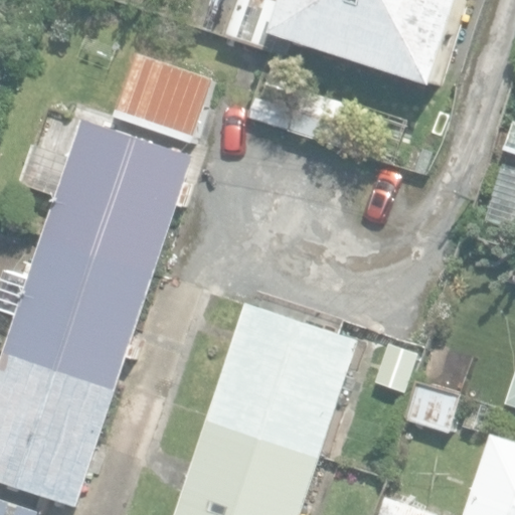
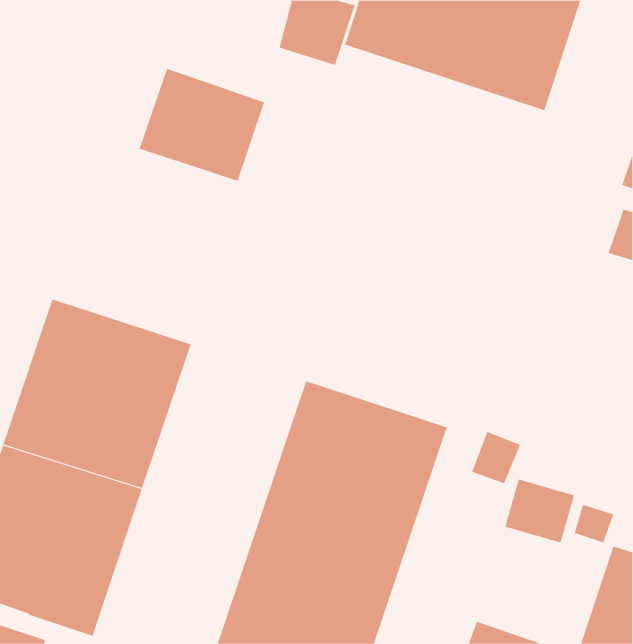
building: [41,121,192,275] -> none

